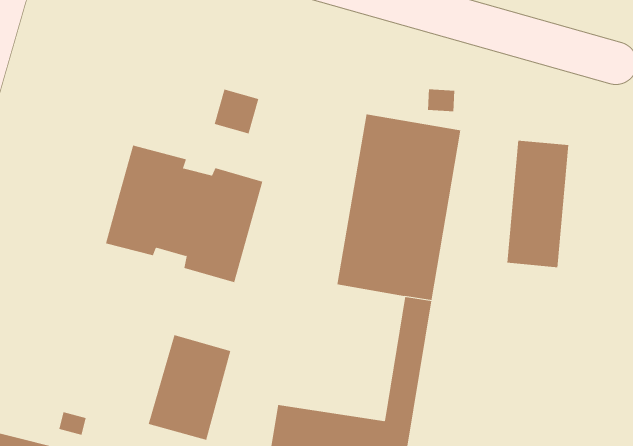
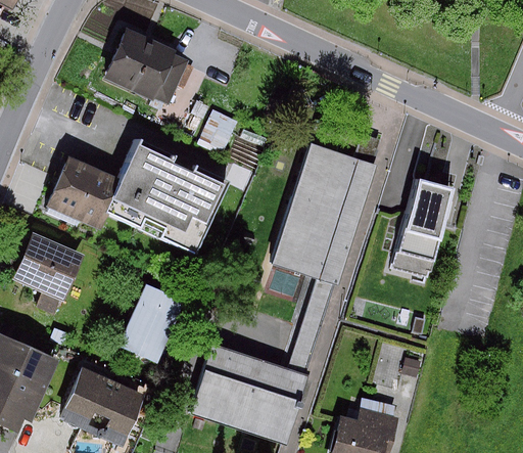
building: none -> [112,38,186,103]
building: none -> [46,157,117,227]
building: none -> [20,234,87,298]

